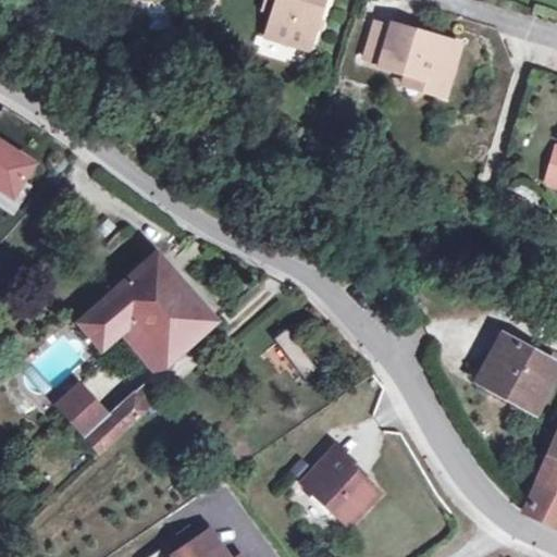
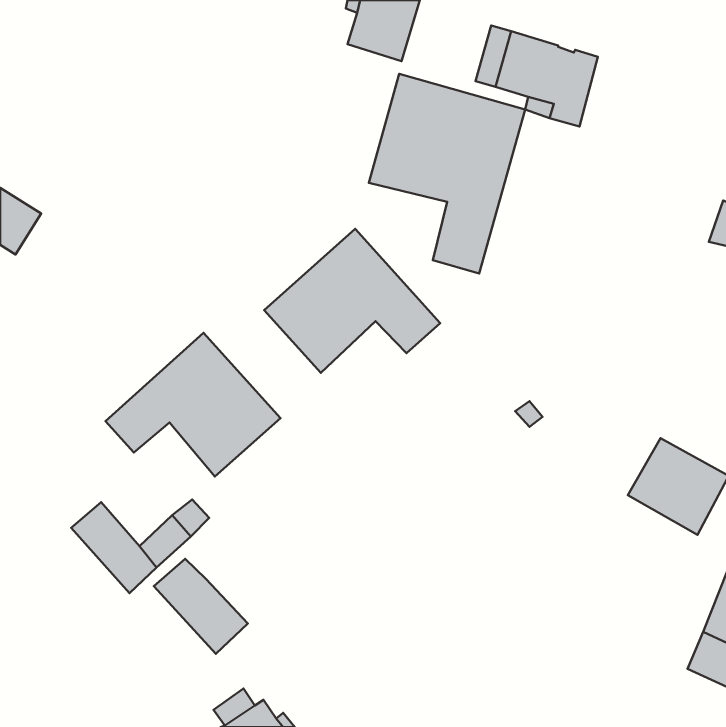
building: none -> [369,74,525,273]
building: none -> [264,229,440,373]
building: none -> [154,559,248,654]
building: [297,445,375,524] -> none

